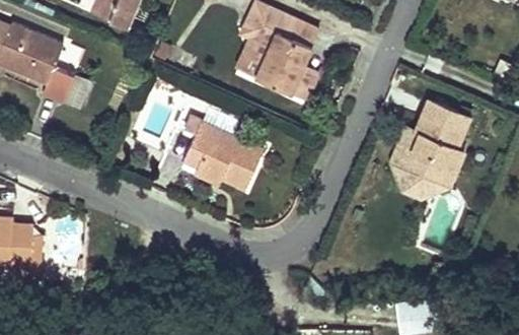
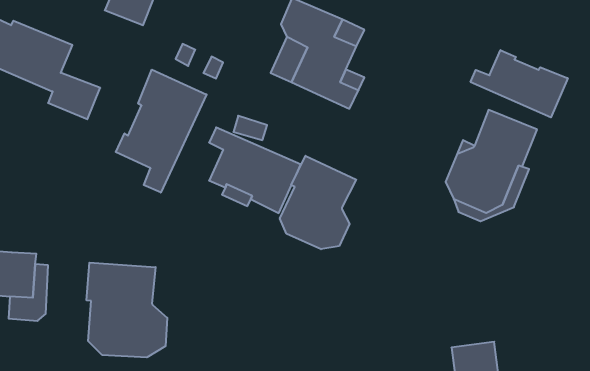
building: none -> [471,50,568,117]
building: none -> [116,70,207,193]
building: none -> [280,156,356,249]
building: none -> [87,263,167,357]

